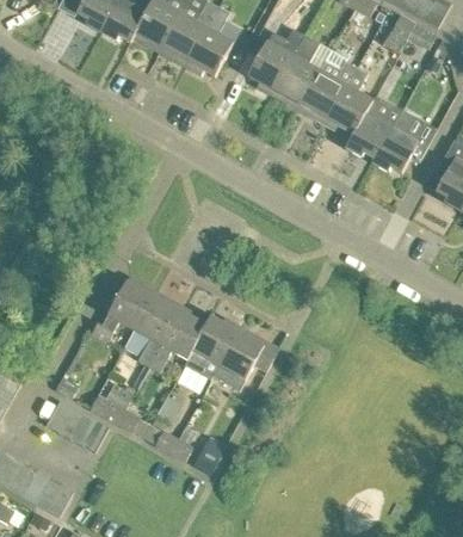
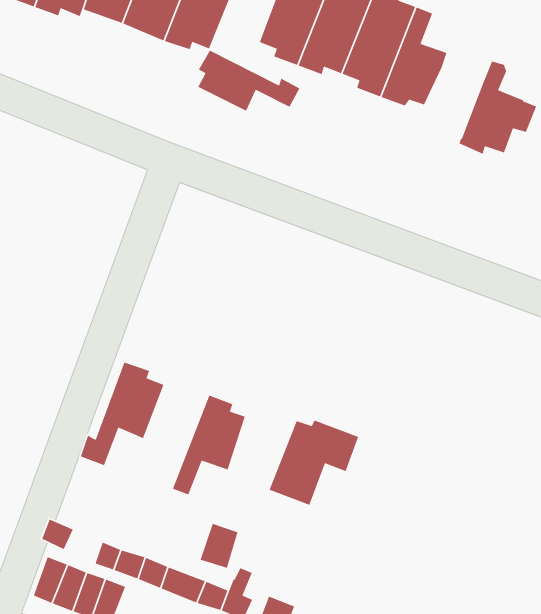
building: none -> [197,49,300,112]
building: [346,110,394,159] -> none
building: [135,296,183,366] -> none
building: [185,316,241,379] -> none

